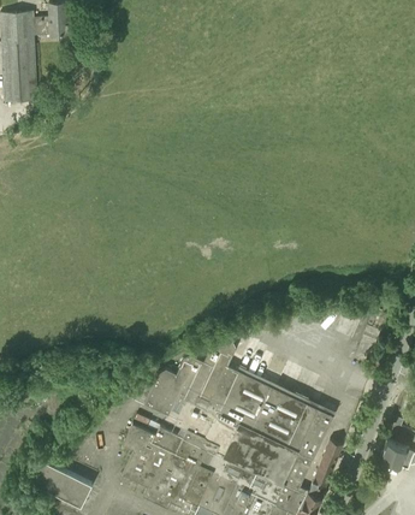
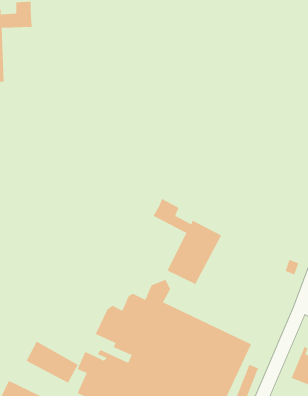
building: none -> [153,198,222,285]
building: none -> [26,341,78,383]

